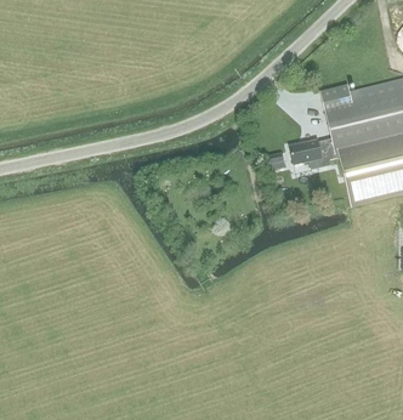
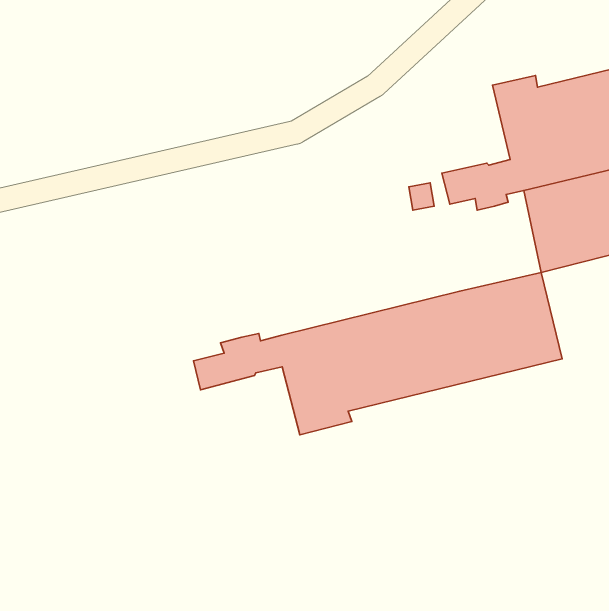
building: none -> [194,272,562,435]

